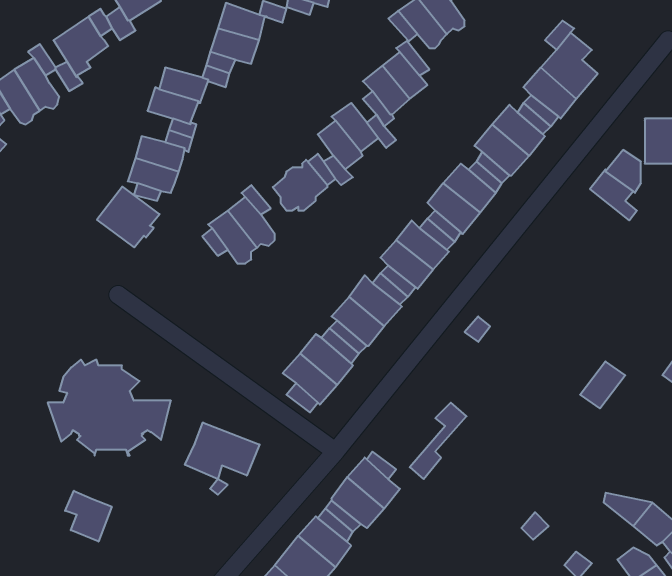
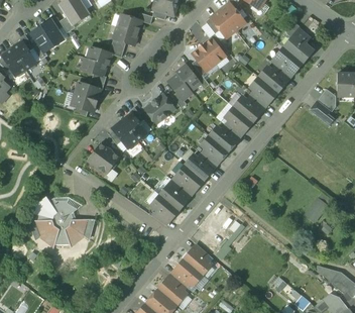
building: [97,187,160,247] -> [87,142,119,174]
building: [185,422,260,479] -> none
building: [65,491,112,542] -> none

